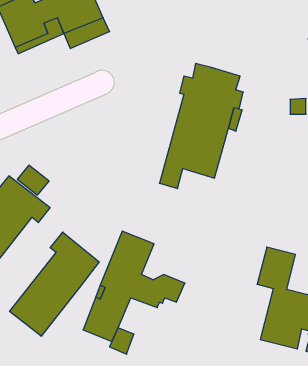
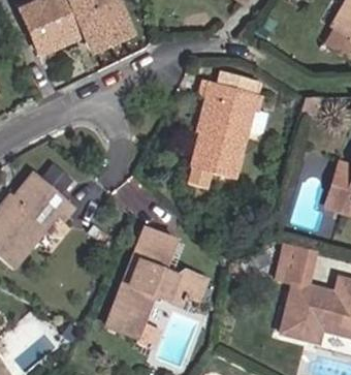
building: [10,232,99,336] -> none

